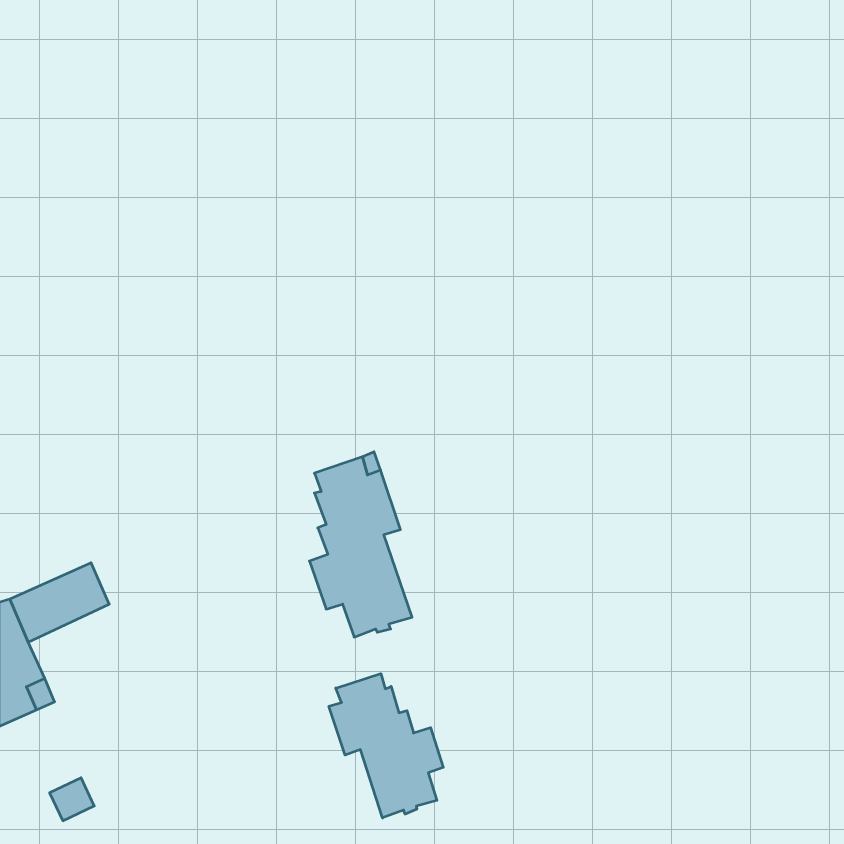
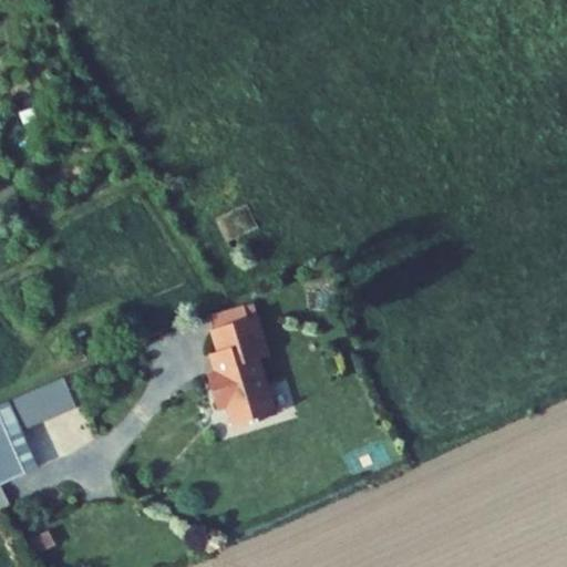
building: [329,674,443,818] -> none

